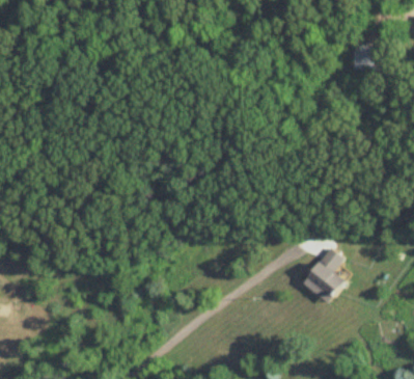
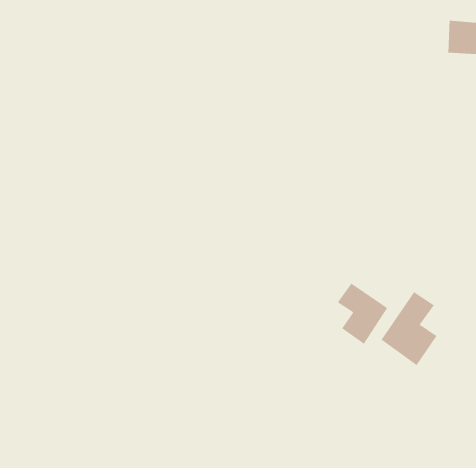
building: none -> [337,282,388,345]

